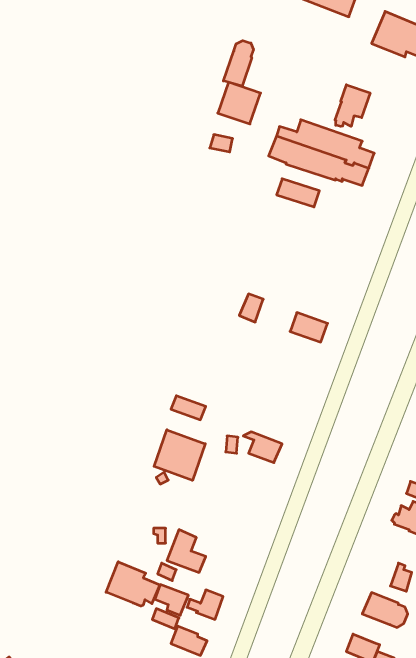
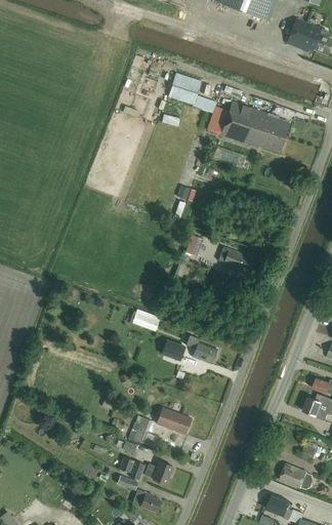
building: [223,41,253,86] -> none
building: [335,85,370,126] -> none
building: [154,430,205,480] -> none
building: none -> [158,407,191,435]
building: [106,562,160,606] -> none

